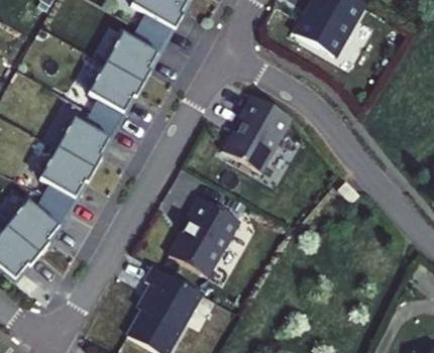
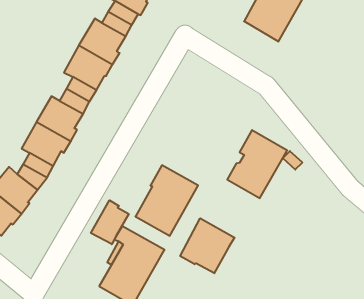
building: [222,94,291,171] -> [227,130,287,198]
building: none -> [91,200,129,244]
building: none -> [180,218,235,273]

